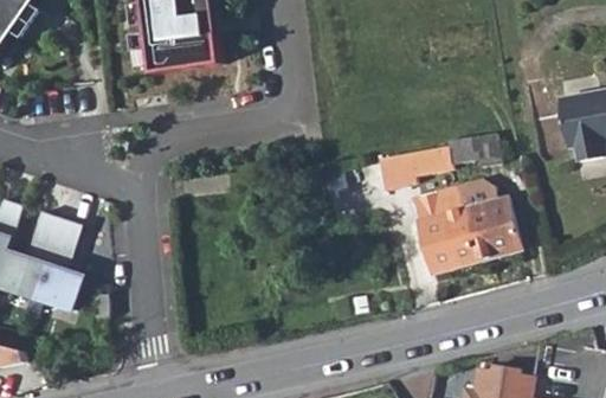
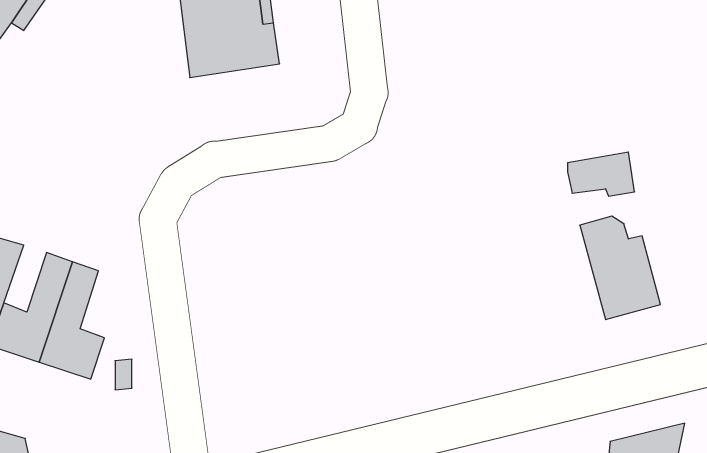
building: [374,148,450,191] -> none
building: [408,190,475,276] -> none

